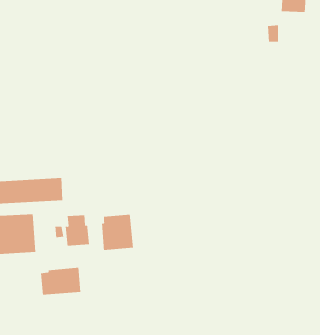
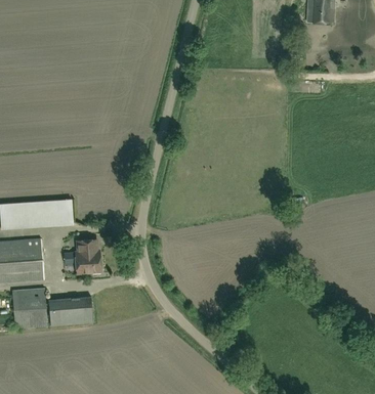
building: [101,214,134,251] -> none
building: none -> [12,288,47,329]

